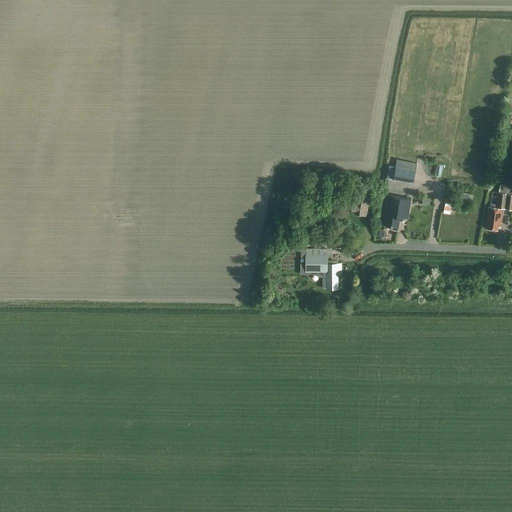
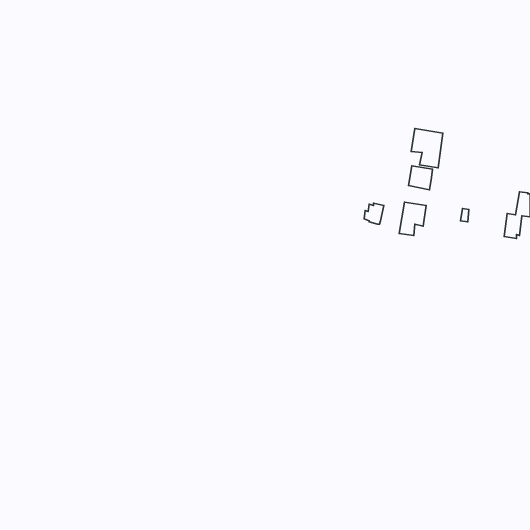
building: none -> [411,129,443,168]
building: [307,254,341,288] -> none

